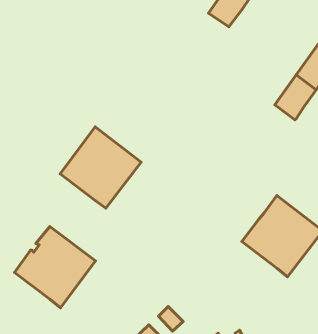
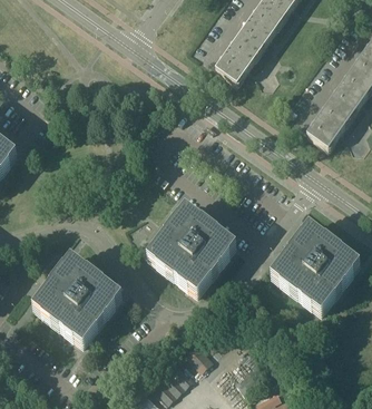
building: none -> [216,37,260,84]
building: [60,127,141,208] -> [149,208,234,293]

